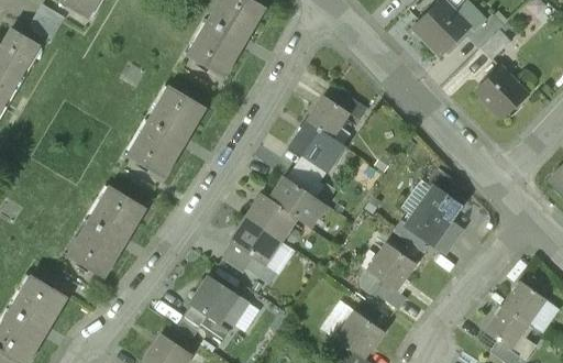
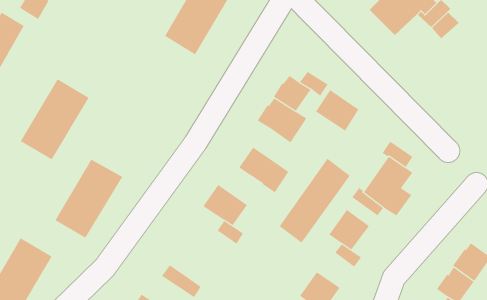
building: [474,66,527,119] -> none
building: [128,88,203,177] -> [20,79,89,160]
building: none -> [315,89,359,132]
building: [288,157,325,197] -> none
building: none -> [279,158,350,243]
building: [245,194,295,241] -> none
building: [194,279,249,327] -> none

